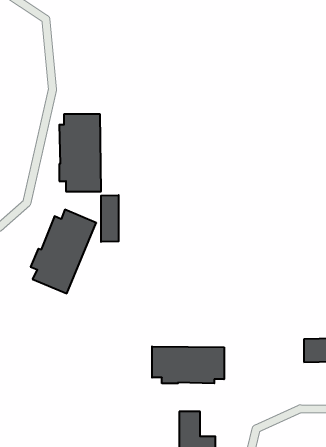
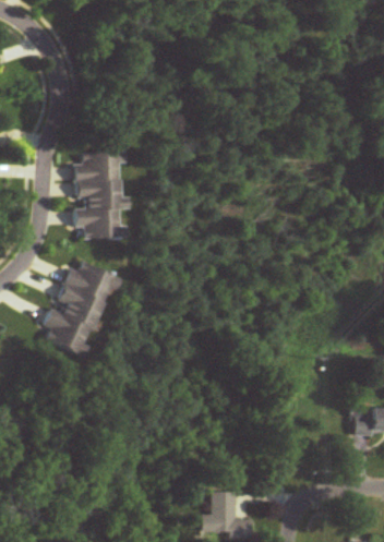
building: [101,195,119,242] -> none
building: [152,346,224,383] -> none

